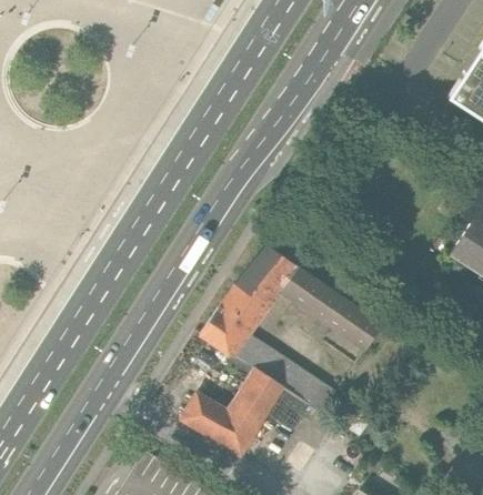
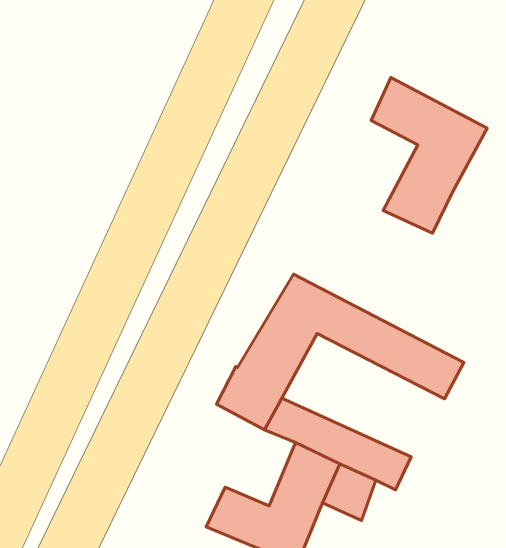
building: none -> [371,78,487,233]

